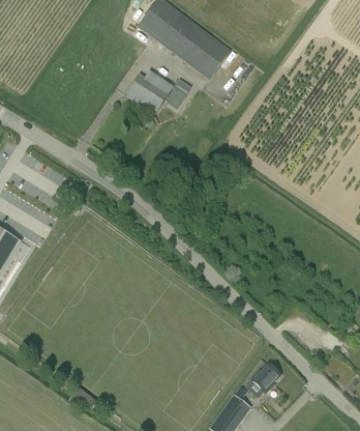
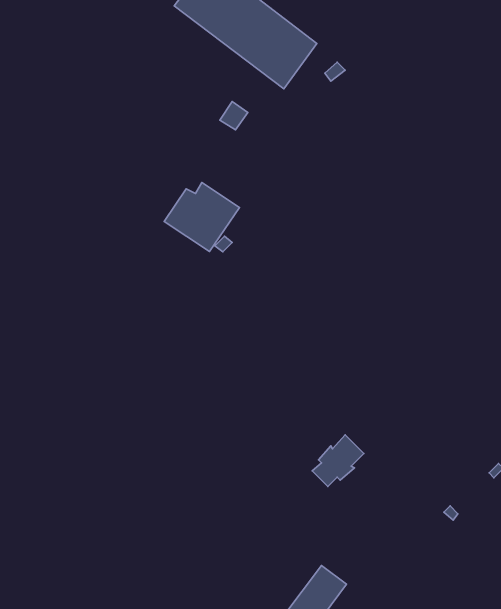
building: [124,69,174,115] -> [164,182,239,251]
building: [246,362,280,396] -> [312,435,364,486]

